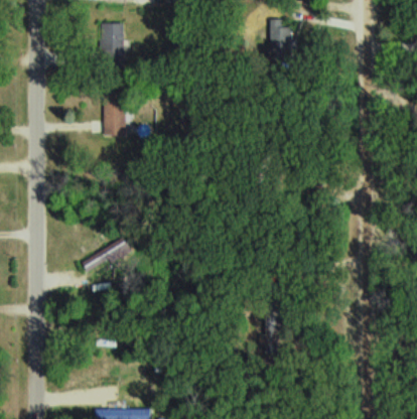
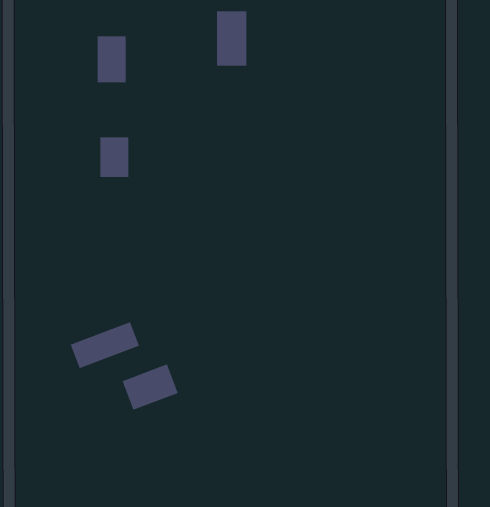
building: [269,17,292,58] -> [216,11,247,66]
building: none -> [122,364,178,411]

